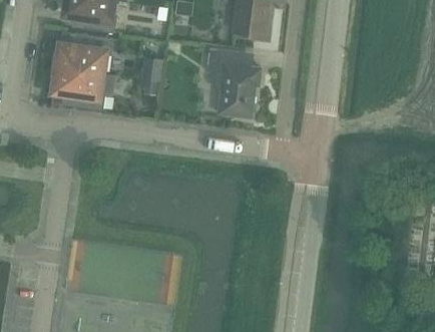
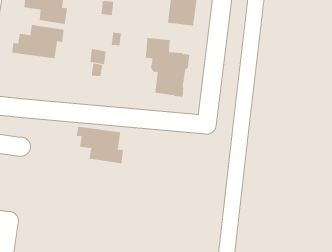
building: [48,67,104,111] -> [76,126,124,164]

